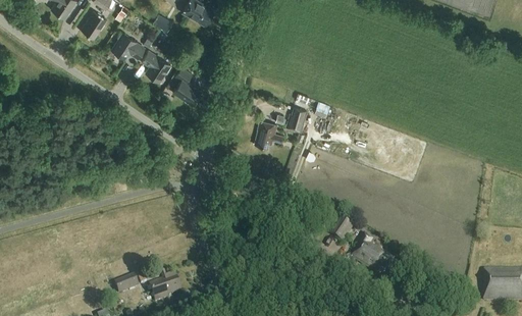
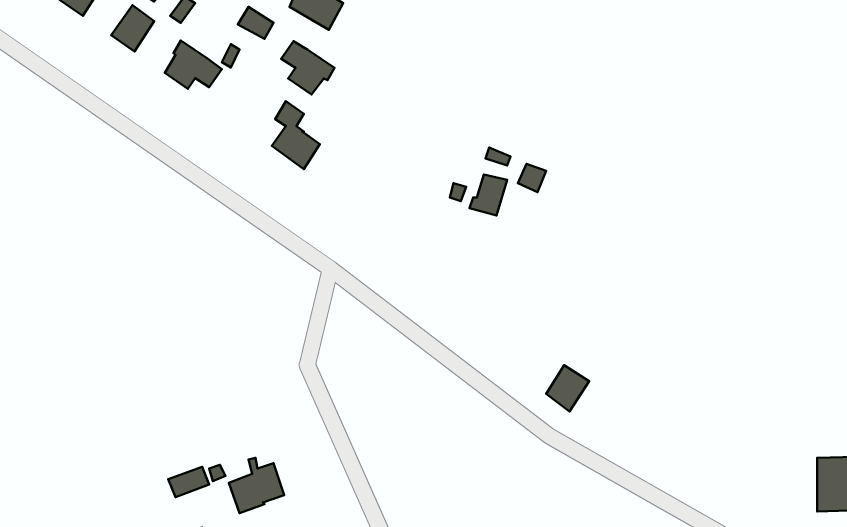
building: [141,49,171,80] -> [281,41,335,95]
building: [254,118,282,146] -> none
building: [351,231,395,273] -> none

